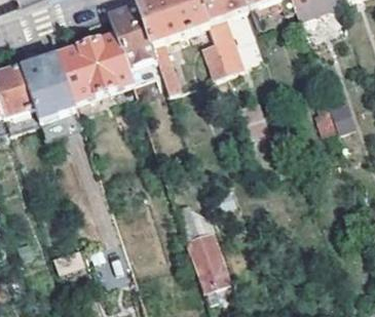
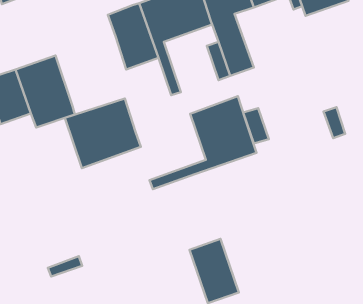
building: [58,38,130,105] -> [65,99,141,168]
building: none -> [149,96,257,189]

